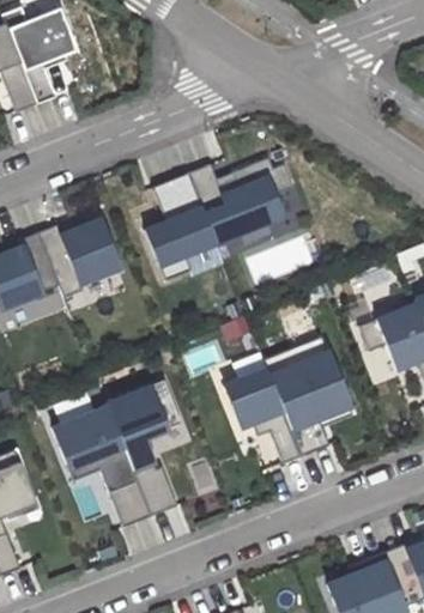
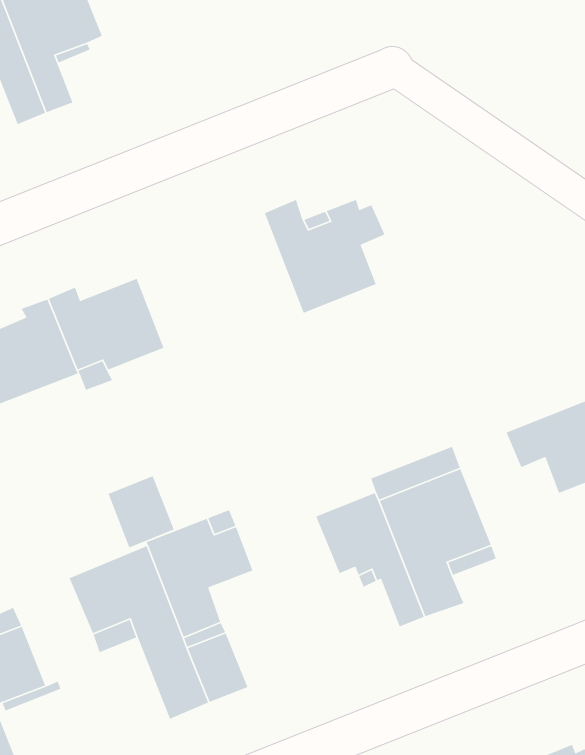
building: [147,172,217,279] -> none
building: none -> [107,475,175,548]

